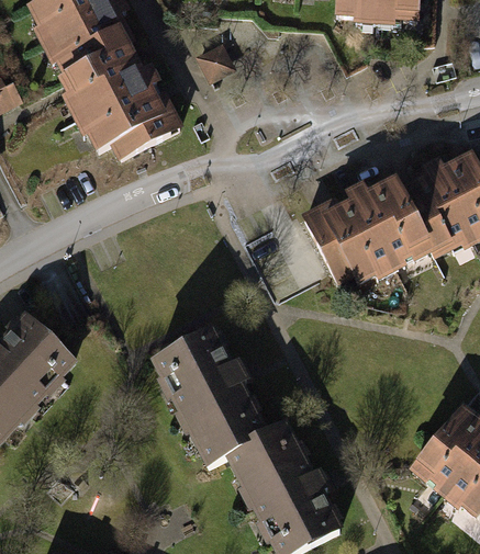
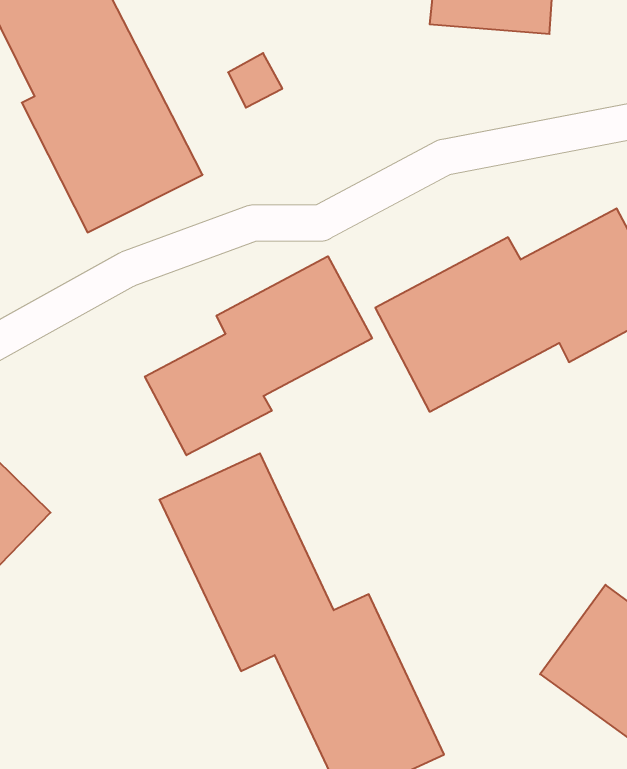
building: none -> [145,256,372,455]

